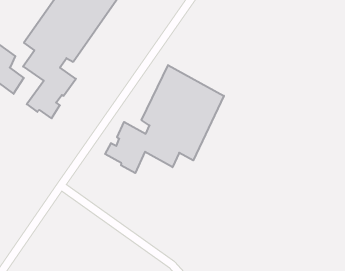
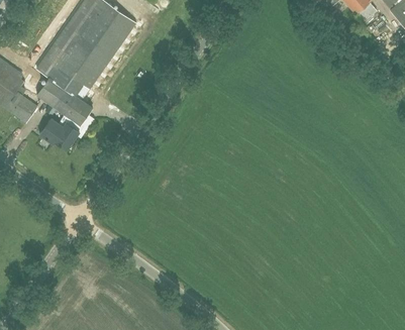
building: [105,65,224,173] -> none

